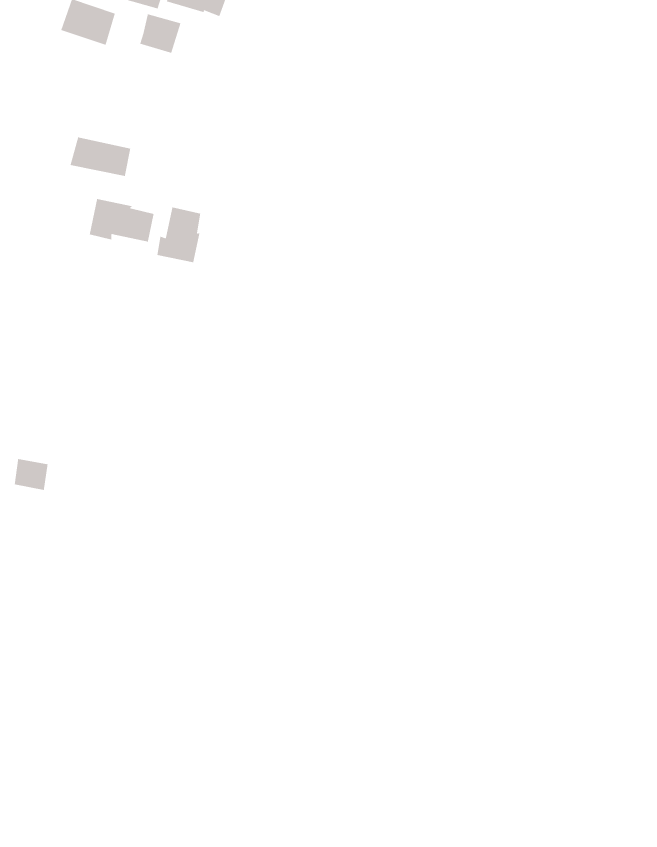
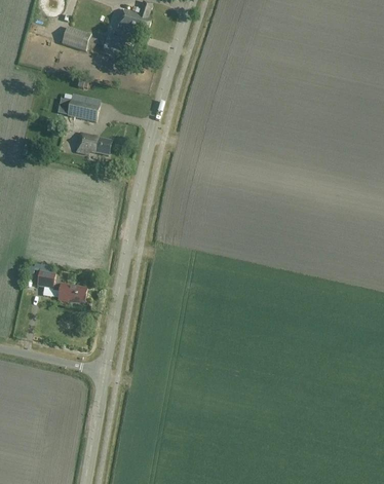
building: [157,207,201,263] -> none
building: none -> [59,284,86,302]

